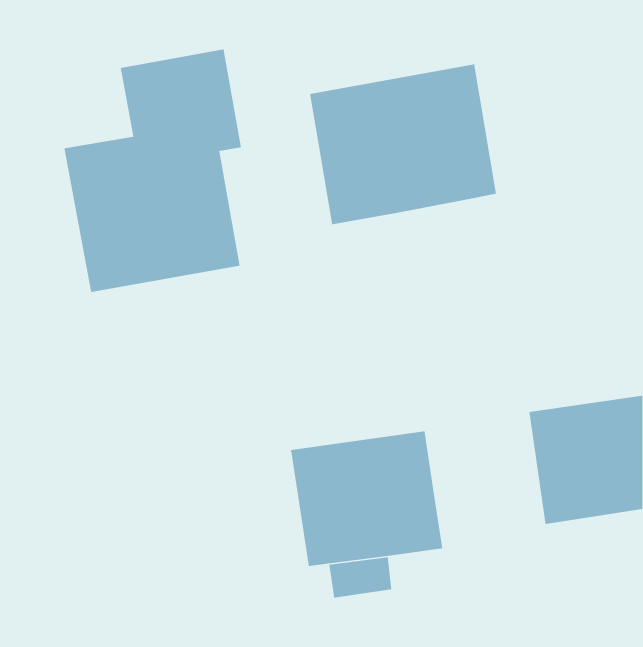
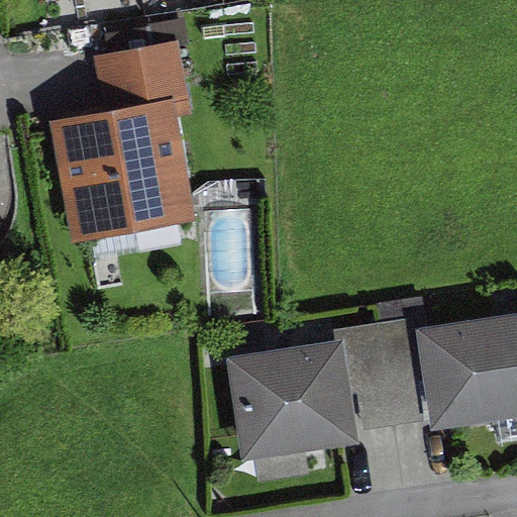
building: [309,64,497,225] -> none
building: none -> [336,321,432,428]

